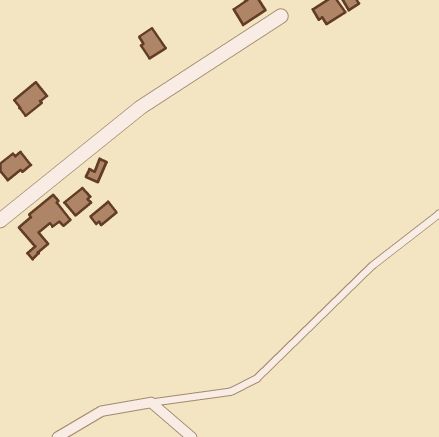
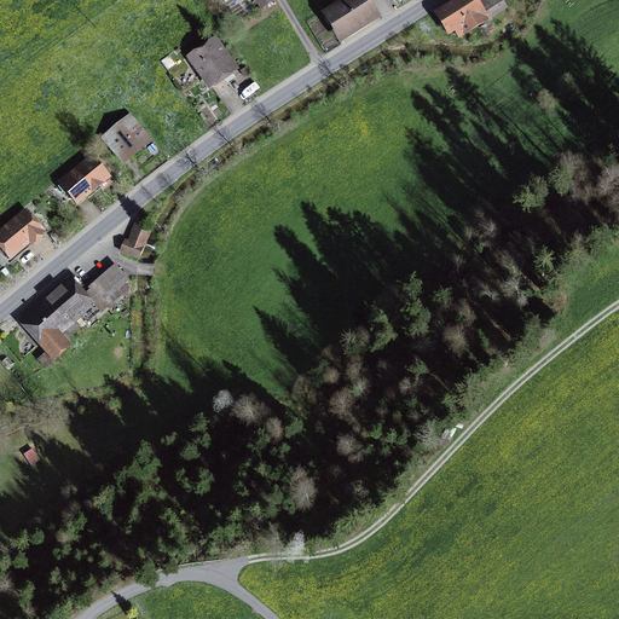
building: [14,82,47,116] -> [62,156,108,203]
building: none -> [104,117,145,155]
building: [91,202,116,225] -> none

